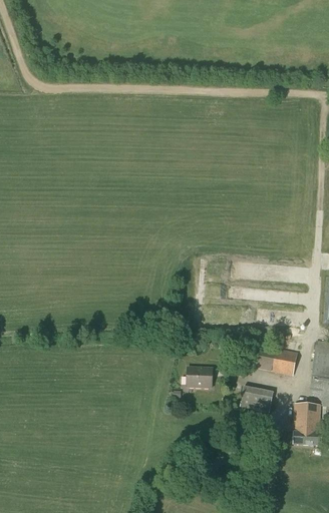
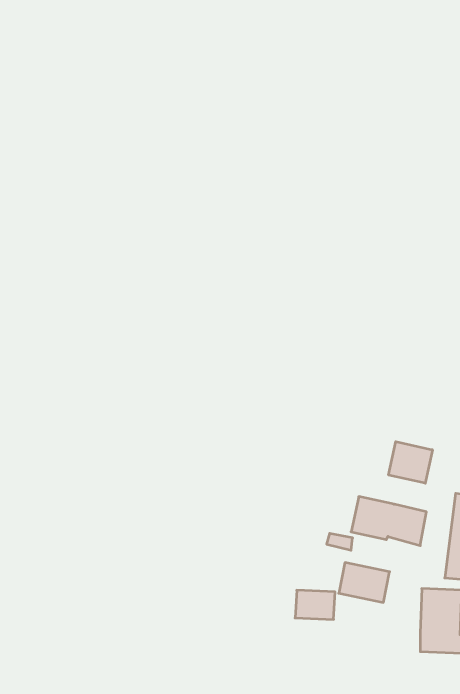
building: none -> [389,442,432,483]
building: [187,367,213,386] -> [295,590,335,619]

